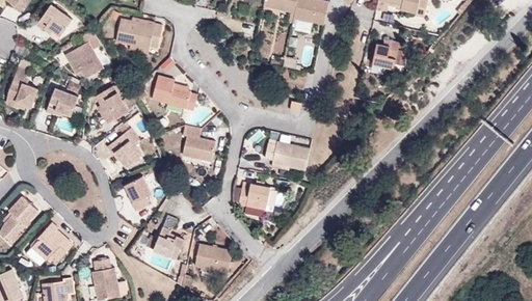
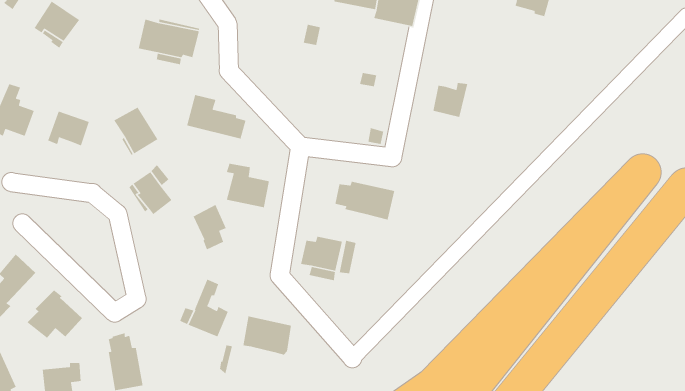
building: [65,42,104,79] -> none
building: [372,42,399,69] -> [432,82,468,118]
building: [126,175,152,211] -> [193,204,227,251]

